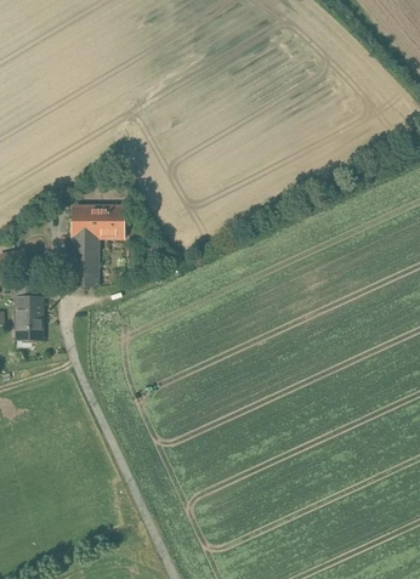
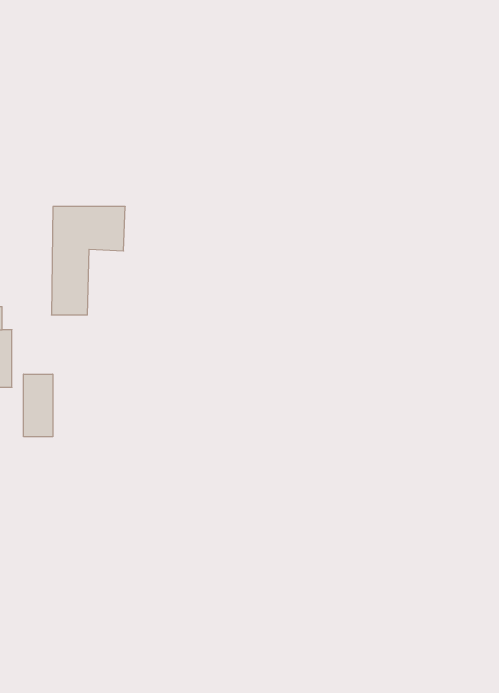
building: none -> [24,374,53,437]

